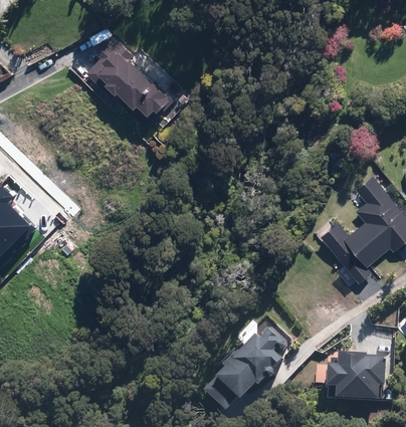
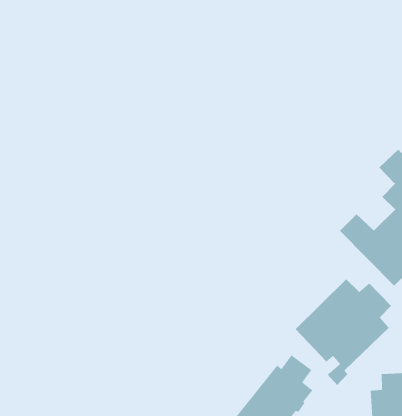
building: [85,43,173,113] -> none
building: none -> [295,278,392,386]

